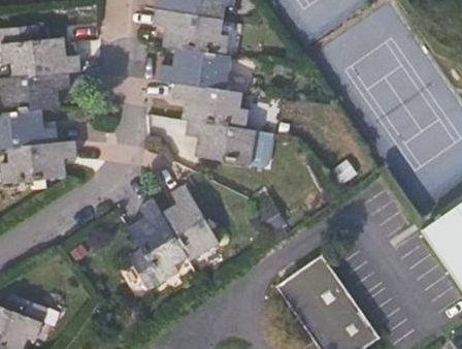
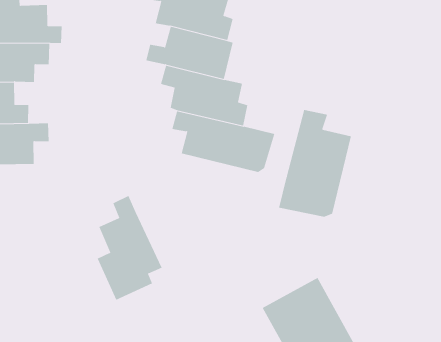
building: none -> [279,109,352,218]
building: [160,184,220,262] -> none

